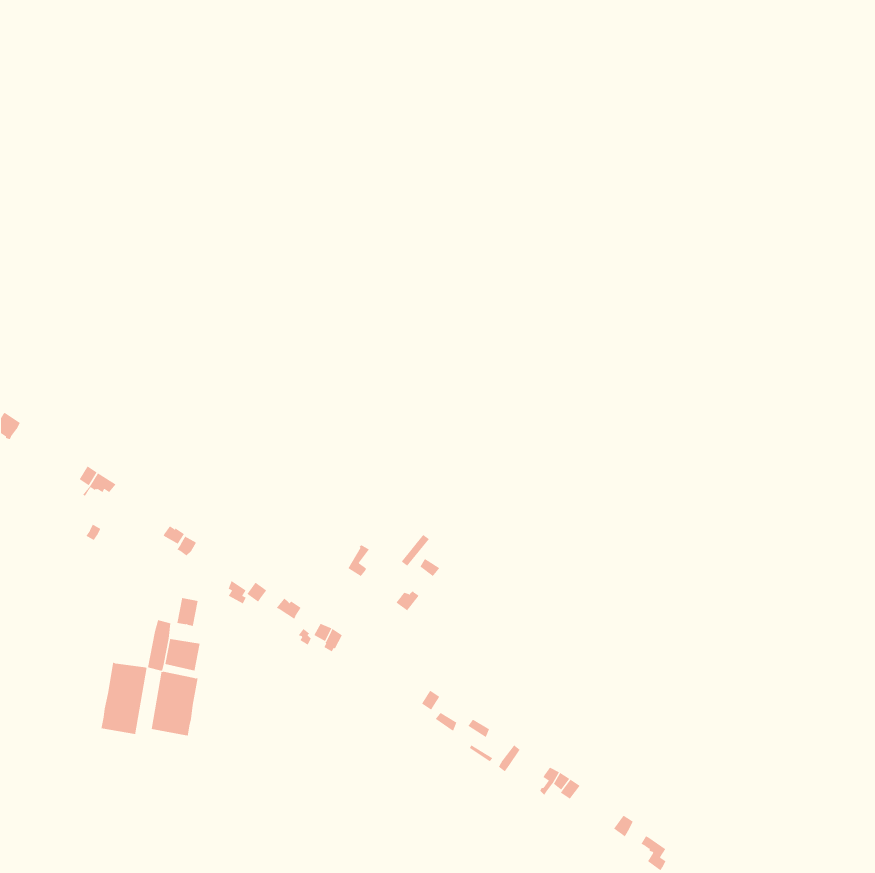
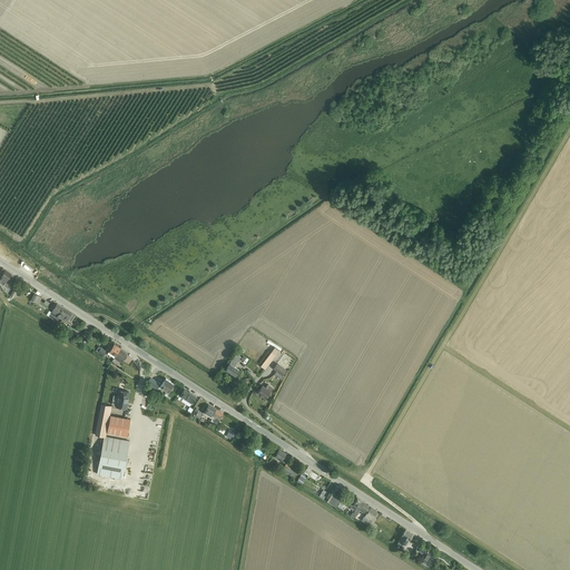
building: [101,662,147,735] -> none

